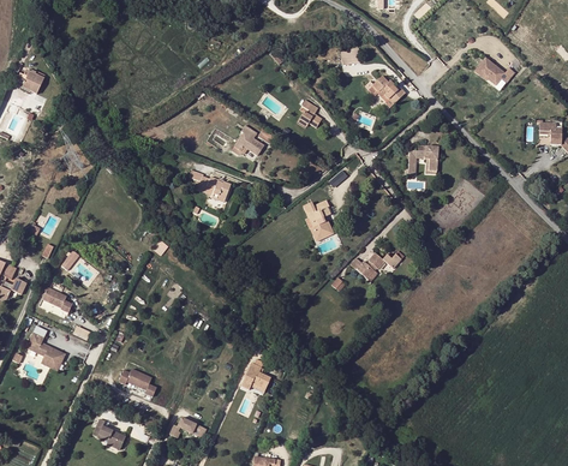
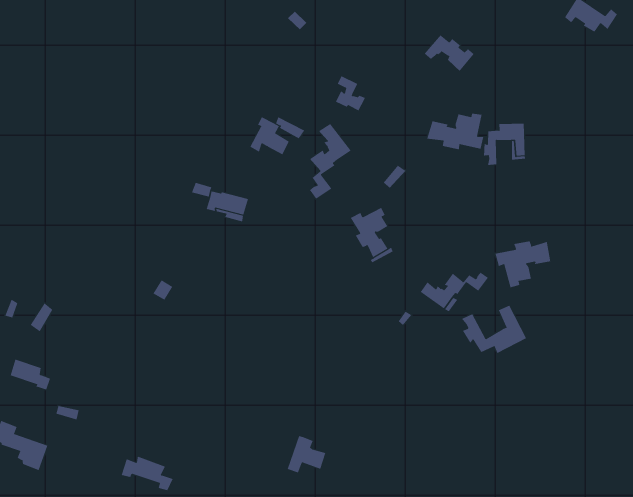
building: none -> [309,123,352,200]
building: none -> [427,113,484,150]
building: none -> [495,240,551,288]
building: none -> [461,305,527,354]

